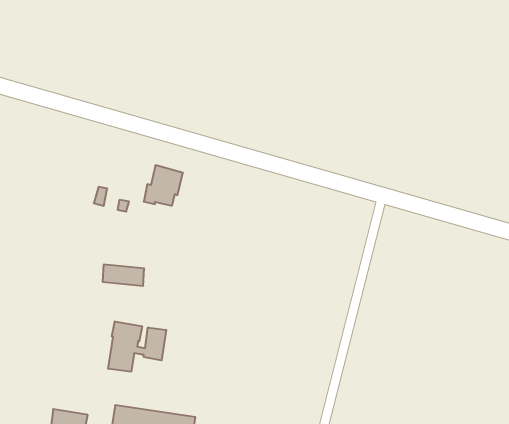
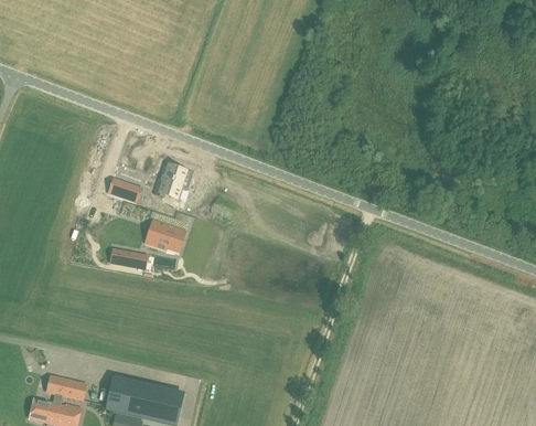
building: none -> [144,219,187,253]
building: [108,321,166,372] -> none

